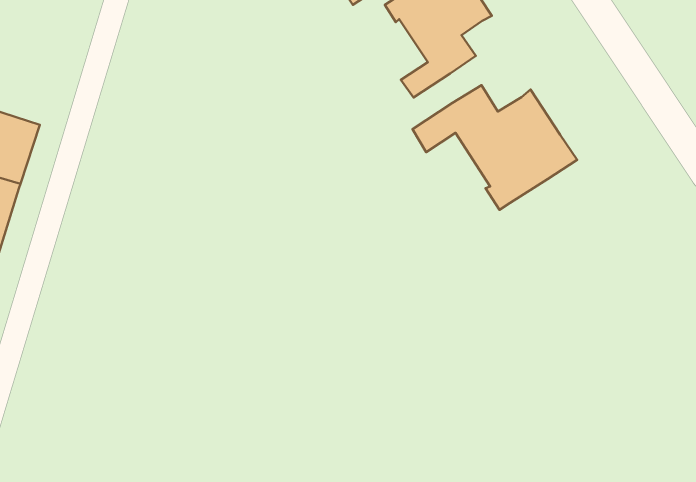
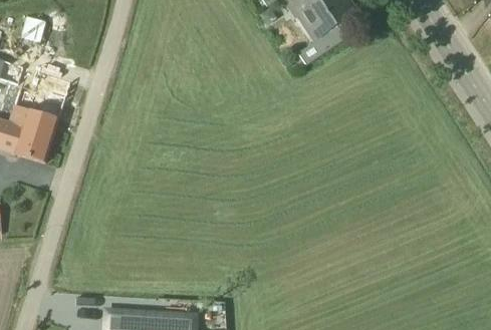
building: [412,85,577,210] -> none

